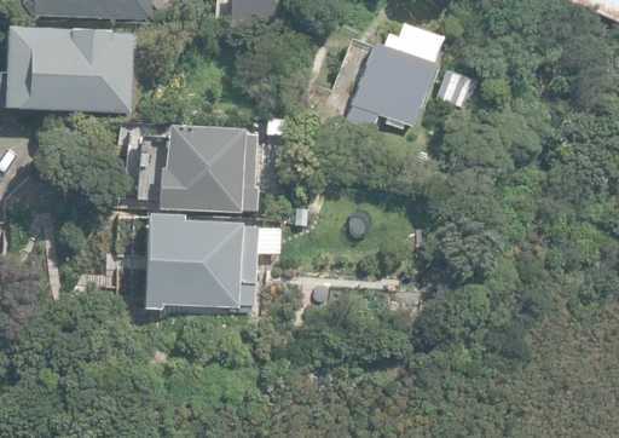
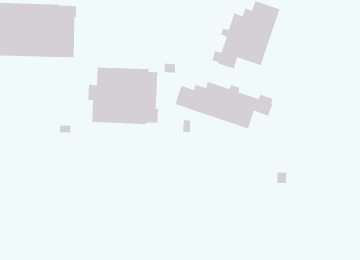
building: none -> [174,81,274,130]
building: [144,213,259,309] -> none

